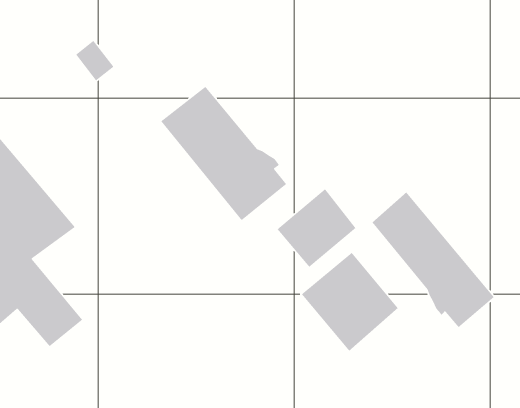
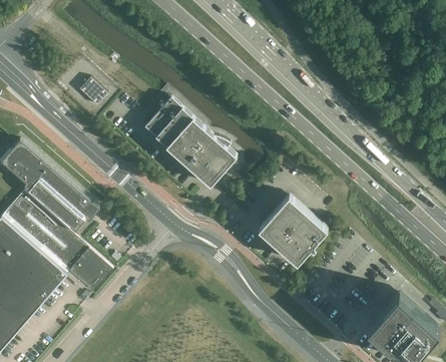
building: [277,188,357,268] -> none
building: [371,192,495,328] -> none

